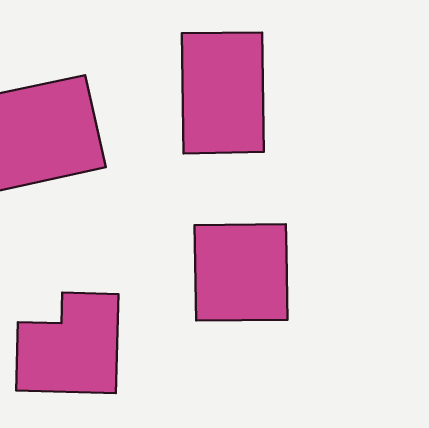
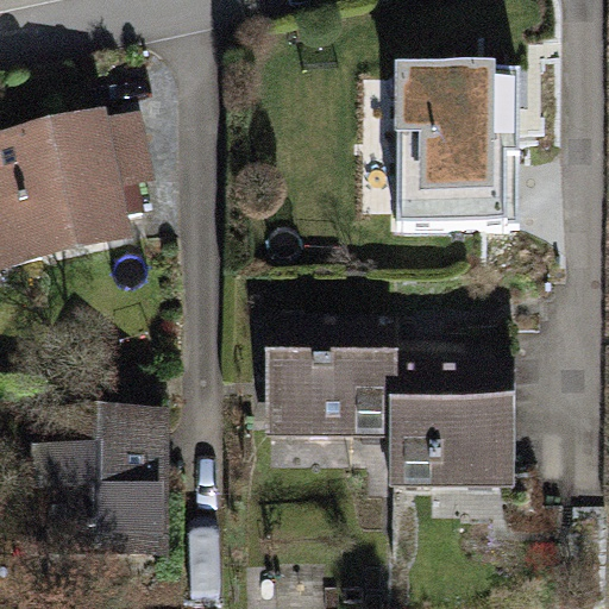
building: [182,32,264,153] -> [389,69,503,238]
building: none -> [400,351,527,476]

